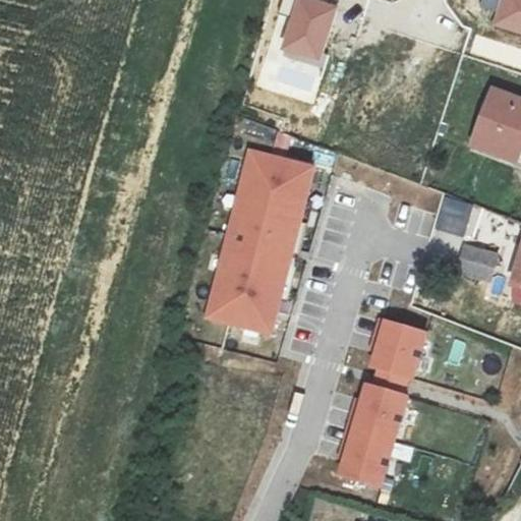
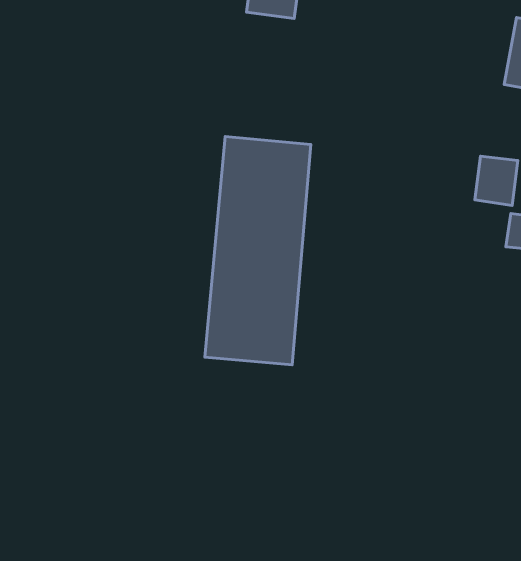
building: [339,320,426,485] -> none

